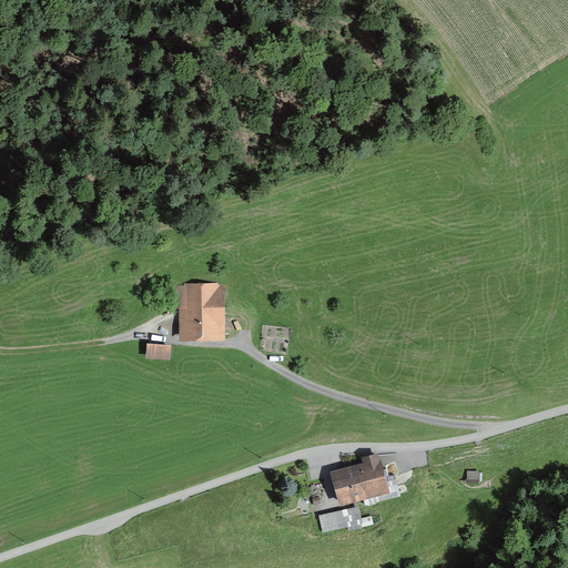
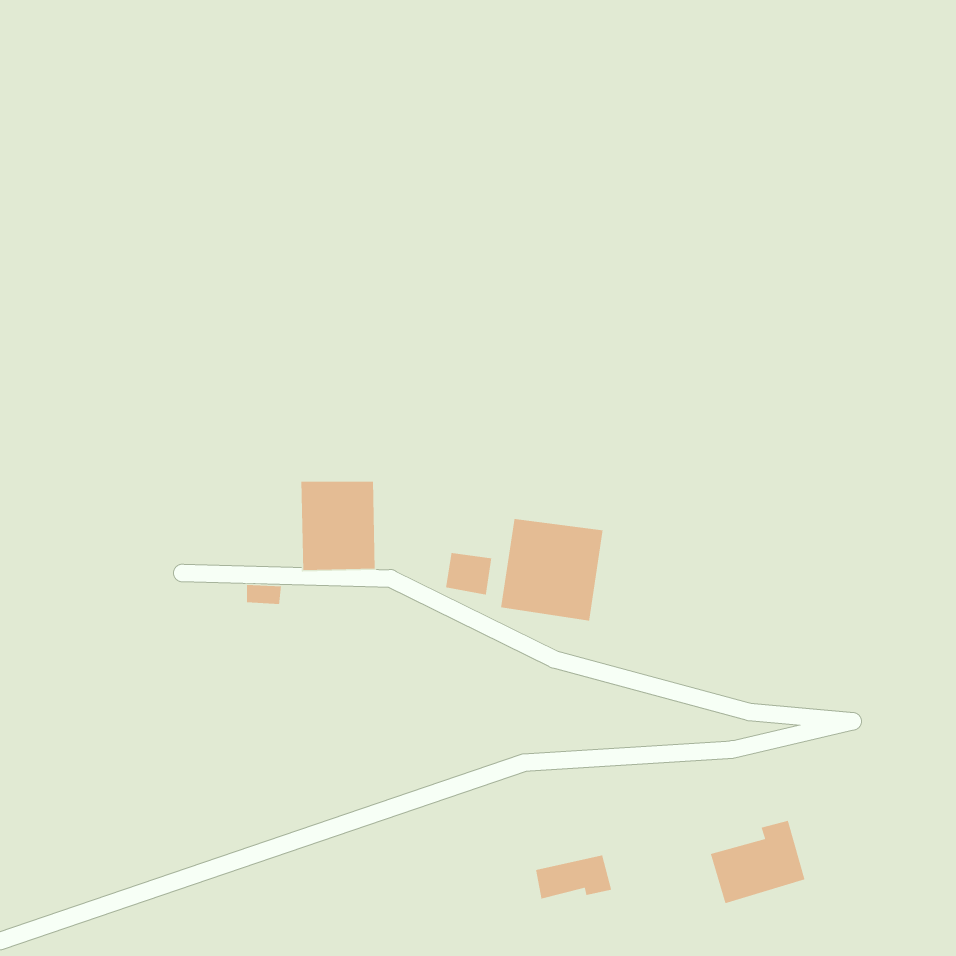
building: none -> [500,518,604,622]
building: [331,454,387,504] -> [710,820,805,904]

